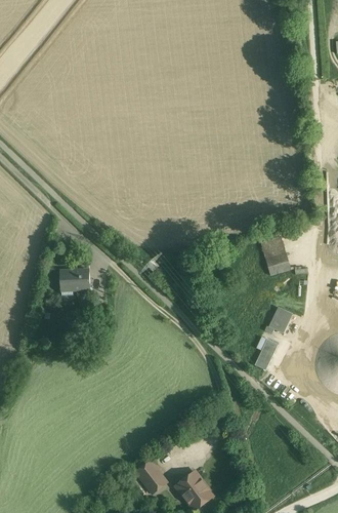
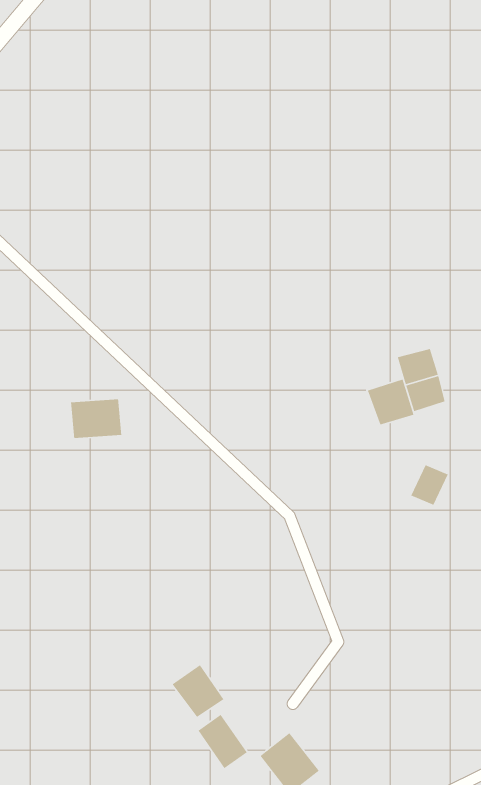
building: none -> [367,379,414,426]
building: [253,337,277,370] -> none
building: none -> [171,664,224,718]

